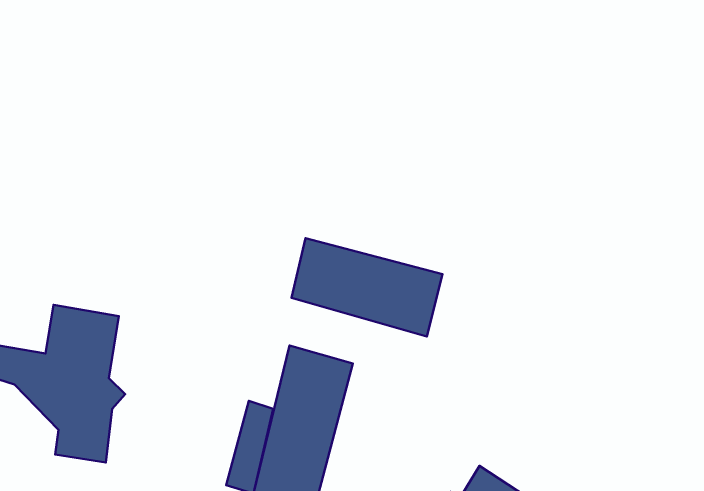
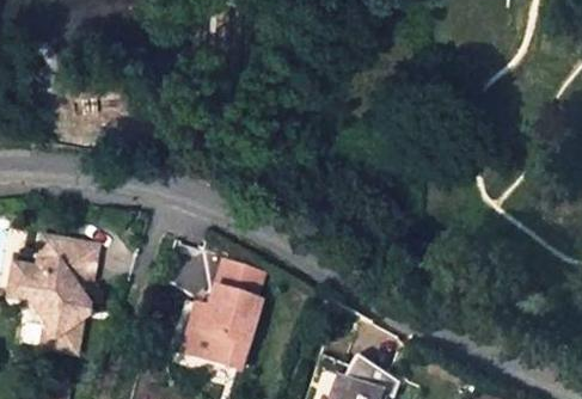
building: [292,238,442,337] -> none

